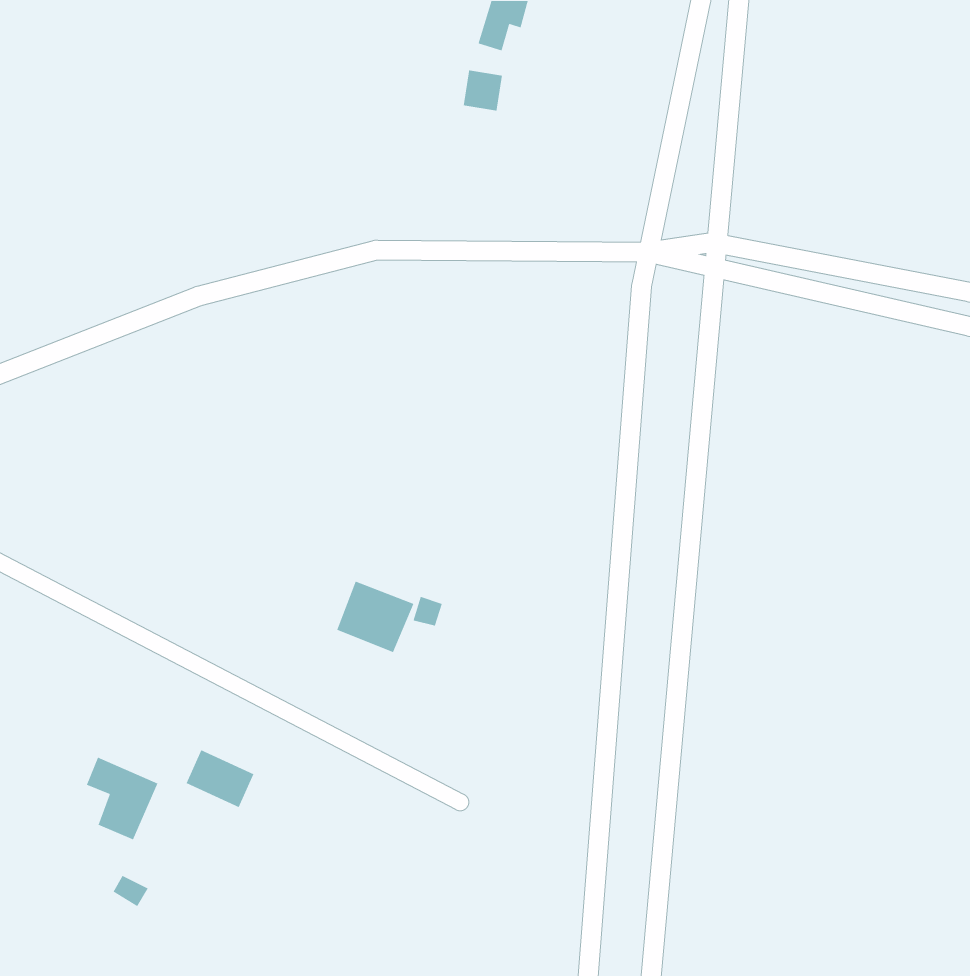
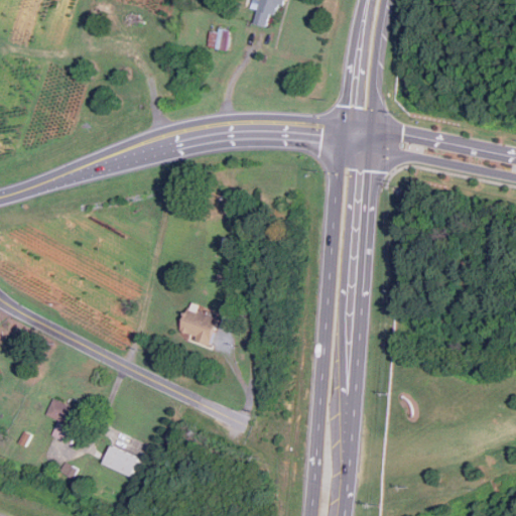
building: [463,70,503,112] -> [207,27,228,49]
building: [186,749,254,808] -> [102,445,138,477]

